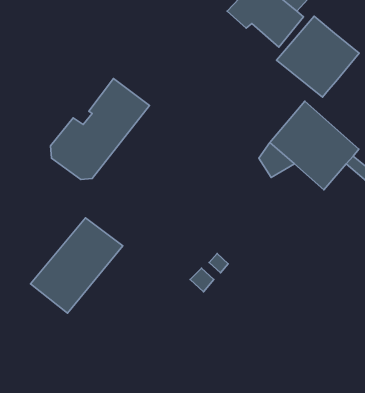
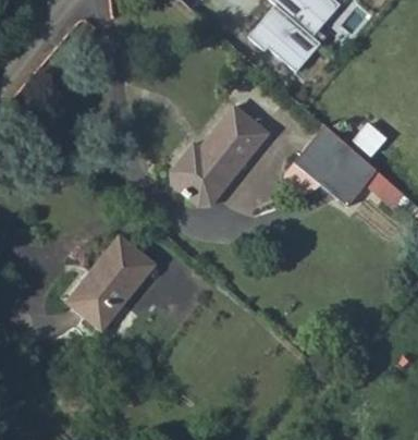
building: [277,16,359,97] -> none
building: [51,79,149,180] -> [172,103,268,201]

